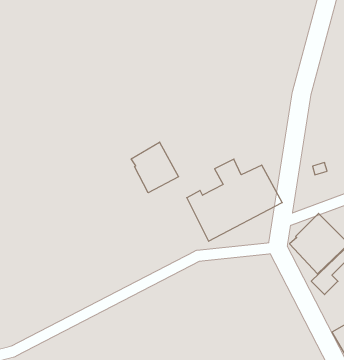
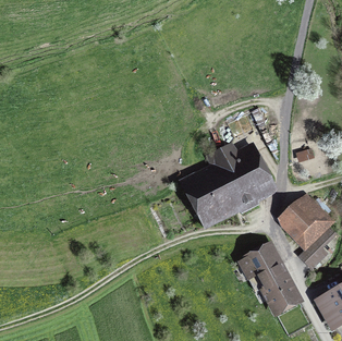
building: [131,142,179,193] -> none
building: none -> [240,246,296,309]

